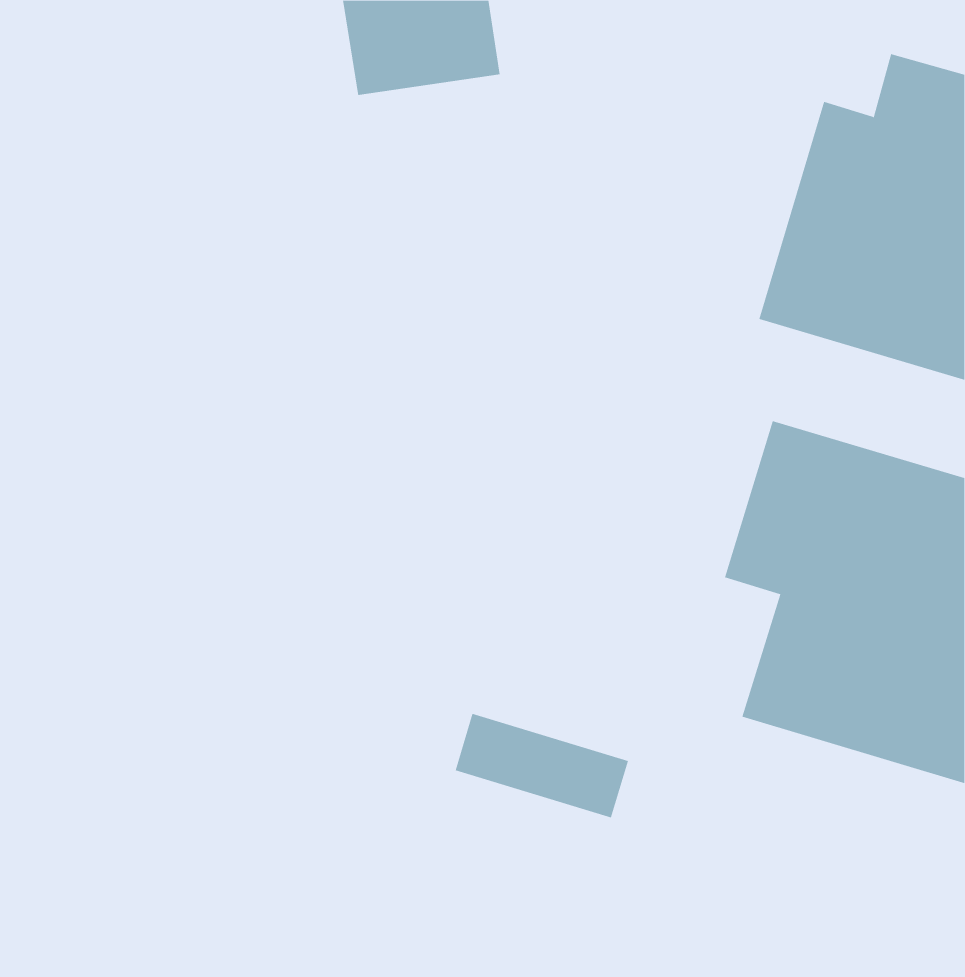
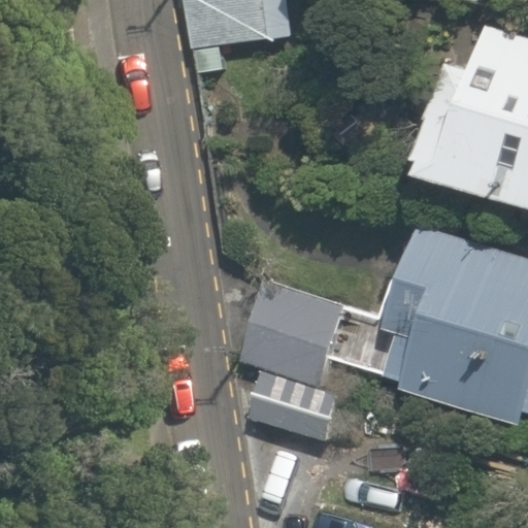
building: none -> [257,290,349,363]

